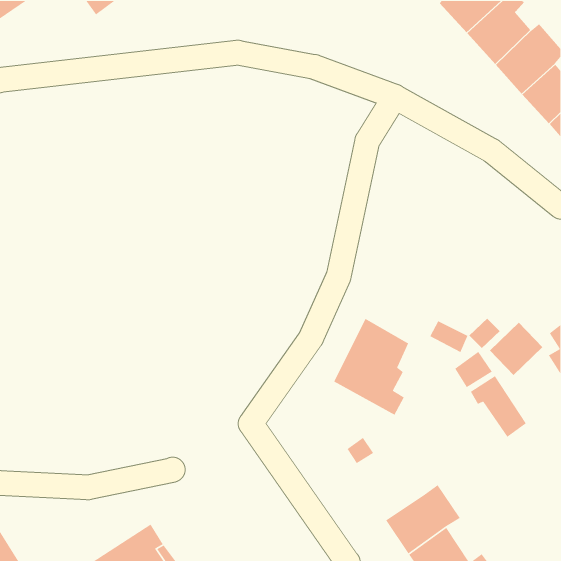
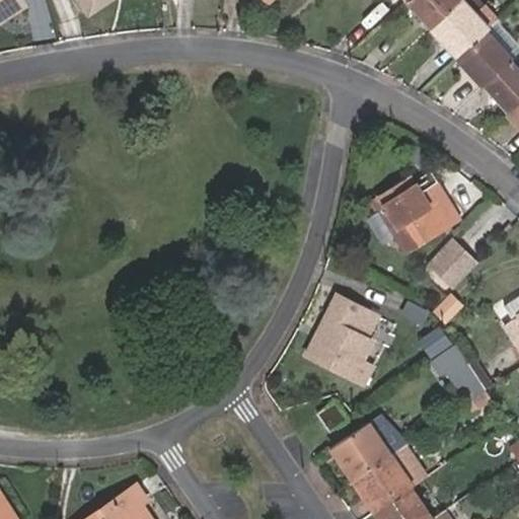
building: none -> [374,179,454,251]
building: [489,322,543,376] -> [430,241,479,291]
building: none -> [332,415,409,480]

